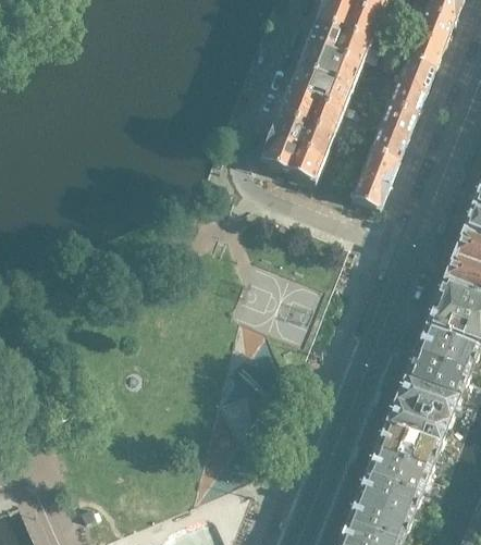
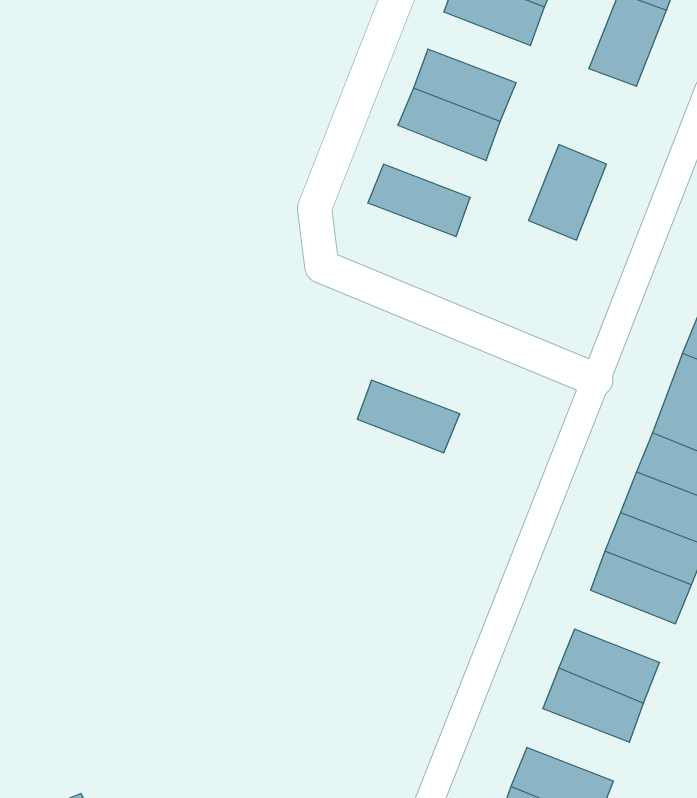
building: [309,17,372,61] -> none
building: [390,52,437,111] -> none
building: [282,87,345,132] -> none
building: [263,135,326,179] -> [357,380,460,453]
building: [353,146,400,206] -> none
building: [399,373,461,418] -> none
building: [370,446,433,491] -> none

